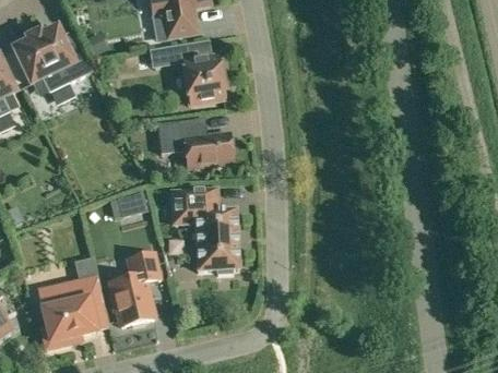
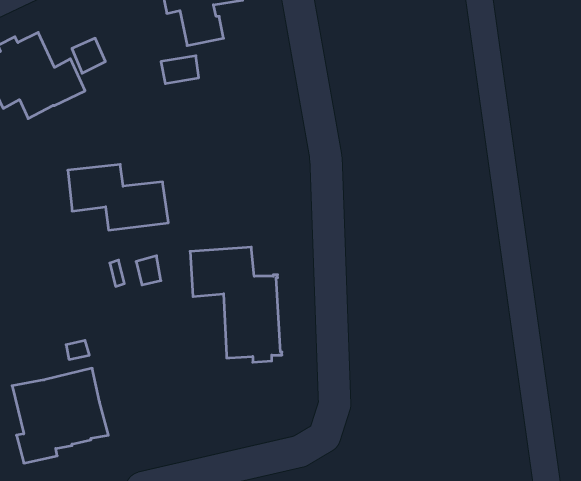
building: [182,53,228,104] -> none
building: [157,118,233,167] -> [68,164,168,230]
building: [110,251,161,325] -> none

